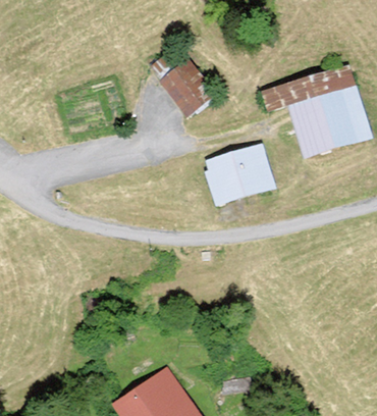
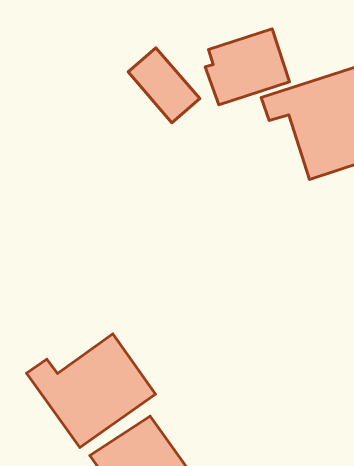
building: [205,141,279,208] -> [205,29,289,105]
building: none -> [27,334,155,447]

